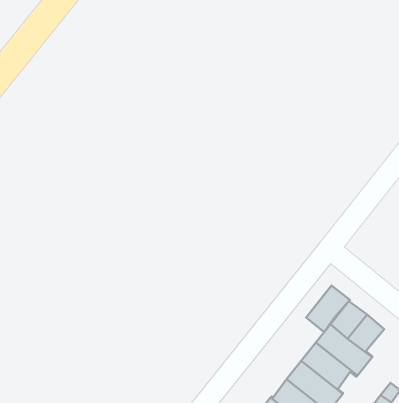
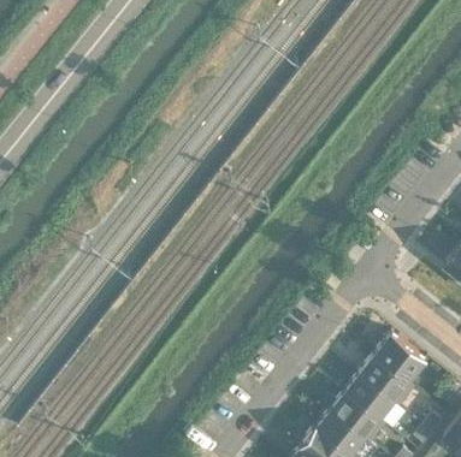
building: [306,286,350,332] -> none

